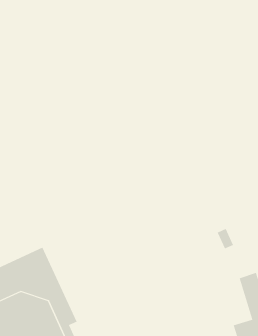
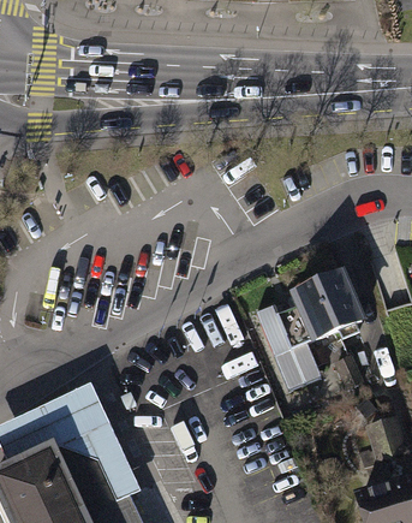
building: none -> [257,269,364,388]

